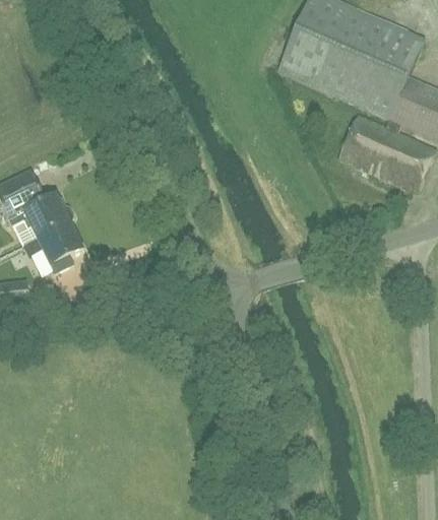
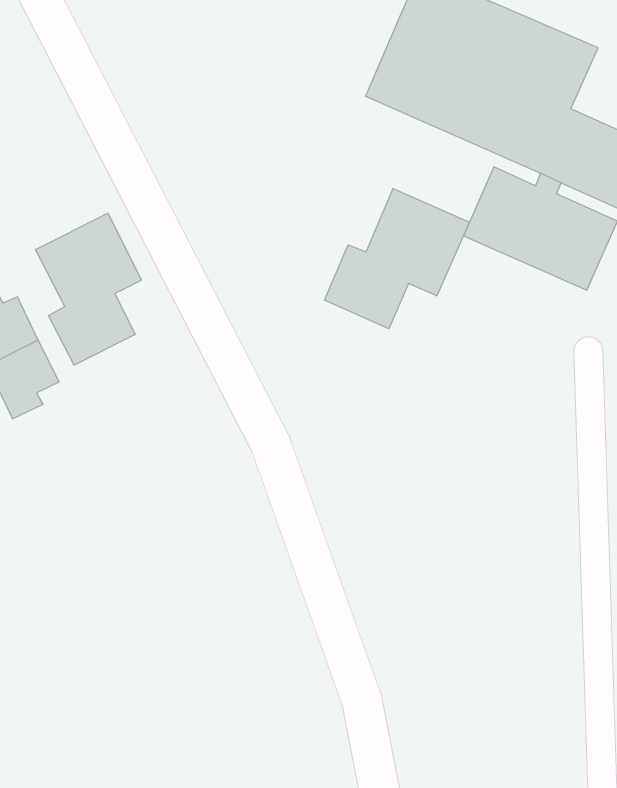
building: none -> [325,188,469,329]
building: none -> [35,213,141,365]

